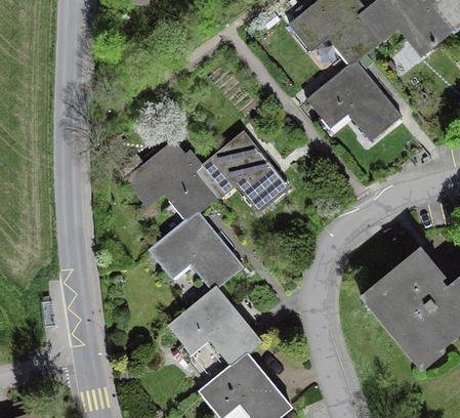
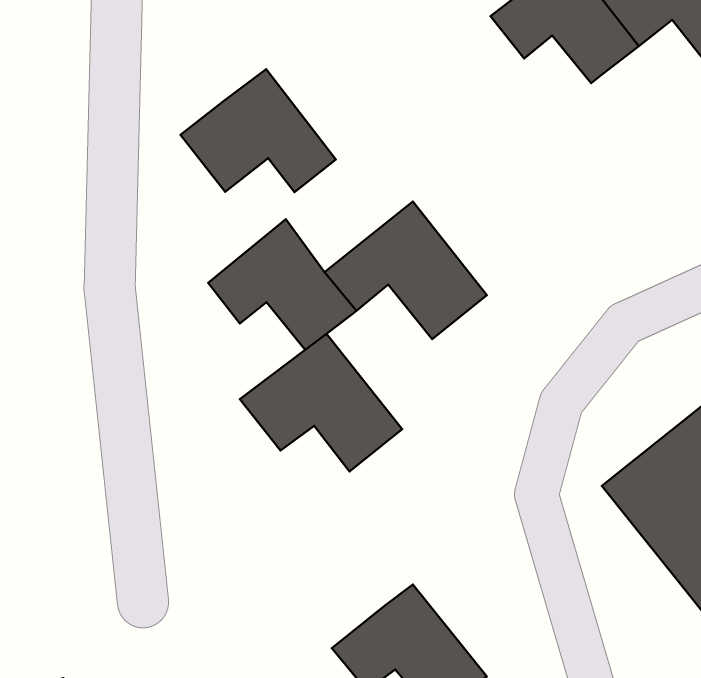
building: none -> [180,69,336,192]
building: [307,60,401,139] -> none
building: [167,286,263,368] -> none

